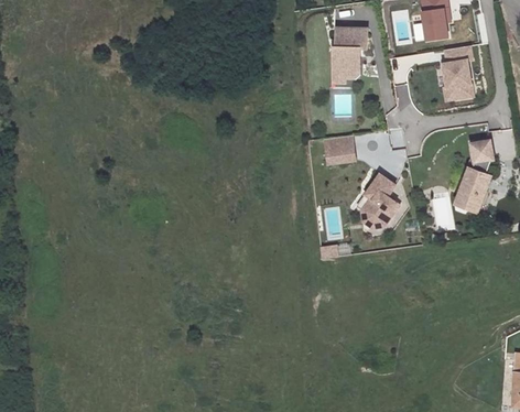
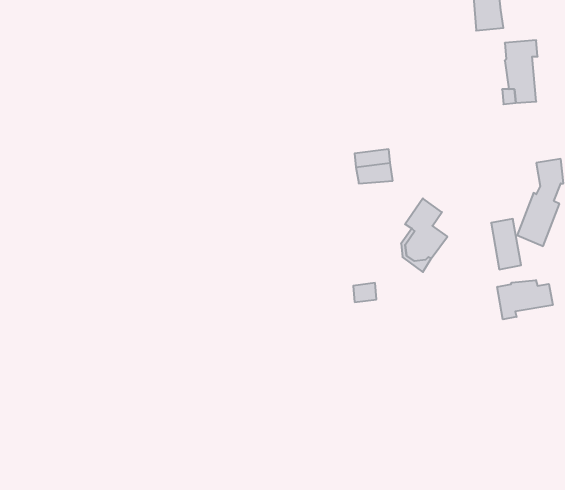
building: [333,26,366,76] -> none
building: none -> [497,280,553,319]

